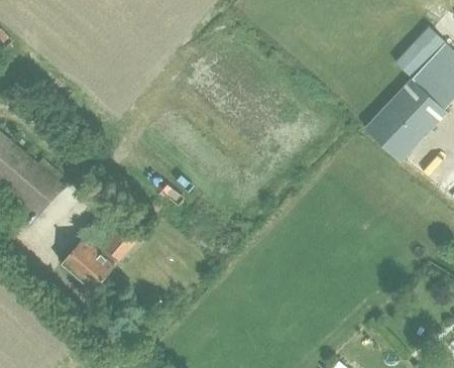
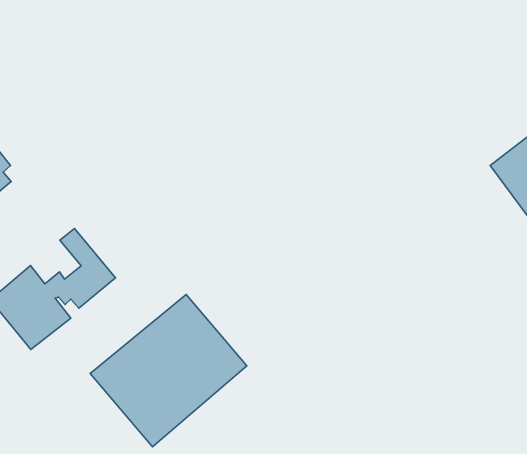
building: none -> [90,295,247,447]

